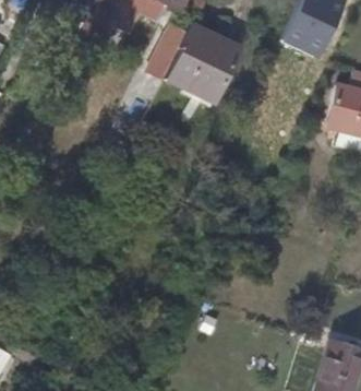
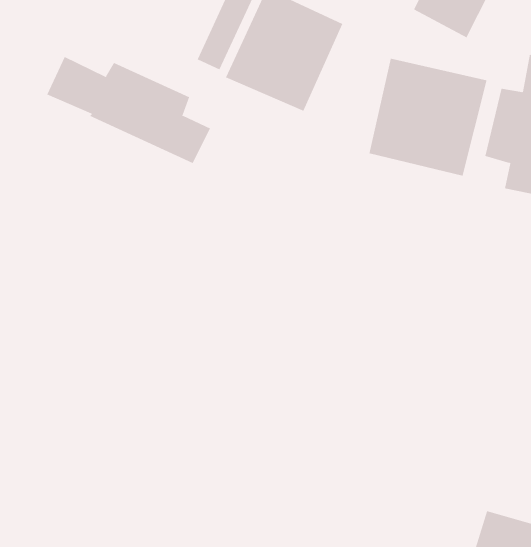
building: none -> [46,56,211,164]
building: none -> [369,58,487,177]

